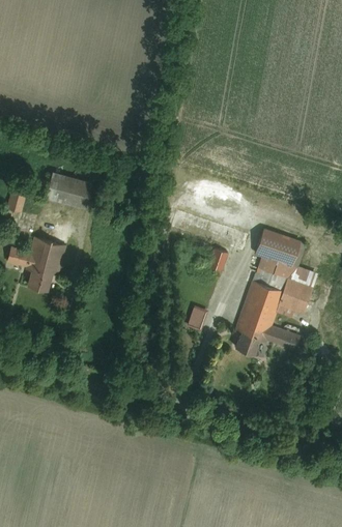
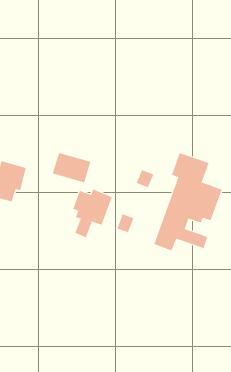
building: [42,170,93,209] -> [52,153,91,183]
building: none -> [73,188,112,238]

